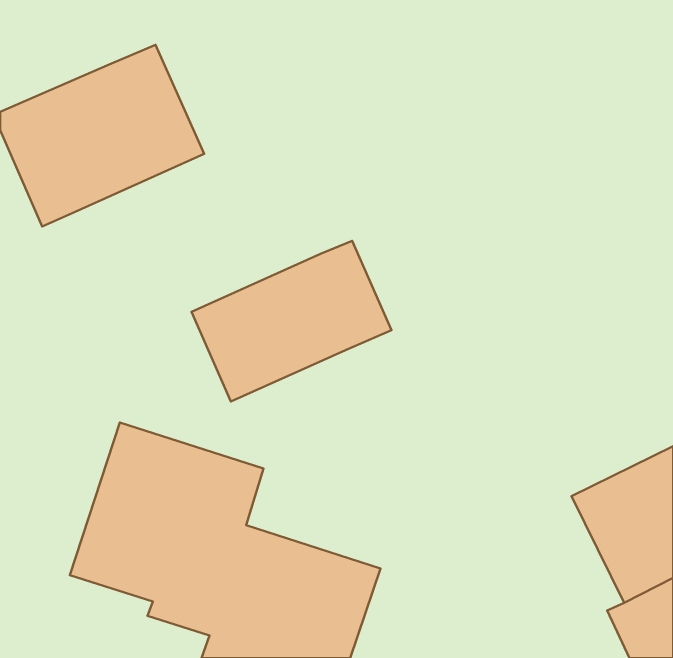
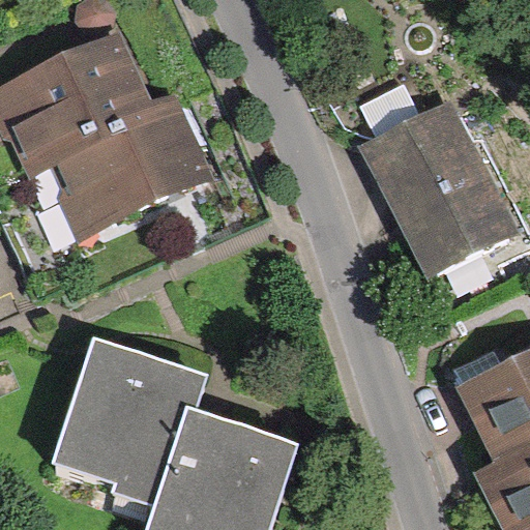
building: none -> [356,96,519,281]
building: [191,241,392,401] -> [59,111,216,237]

